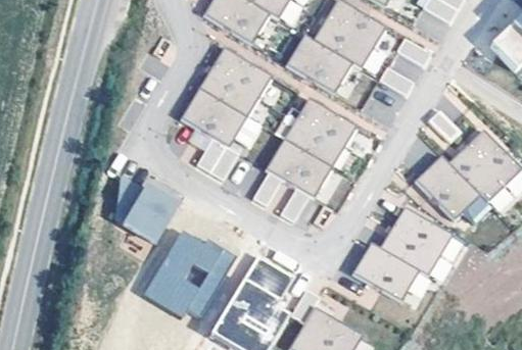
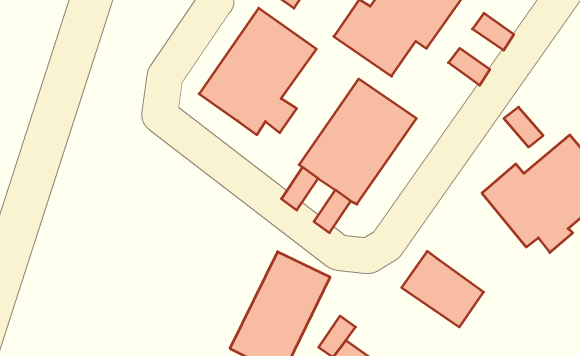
building: [197,139,239,182] -> none
building: [115,179,179,245] -> none
building: [382,196,456,267] -> none
building: [146,236,237,320] -> none

